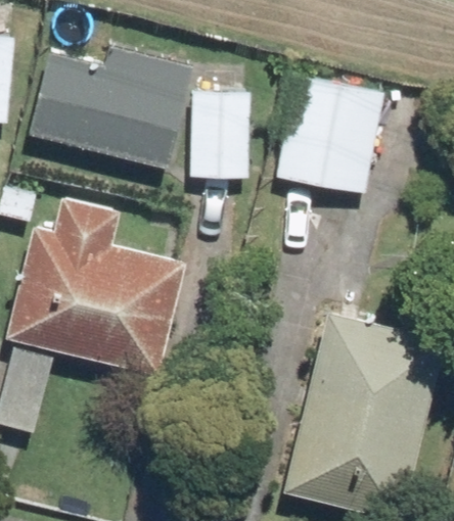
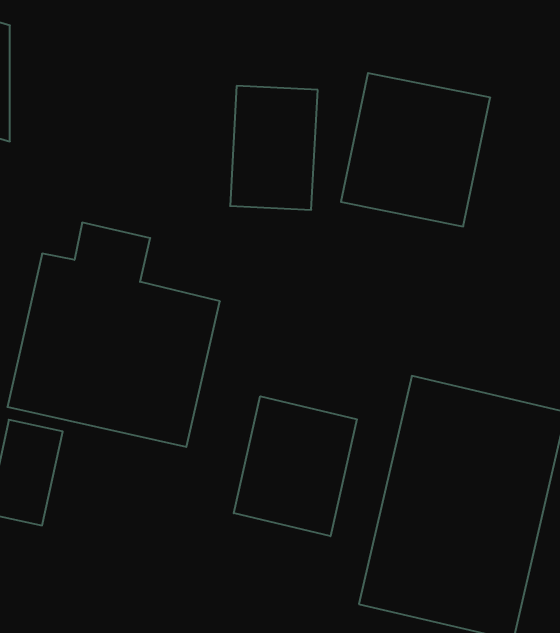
building: [31,49,186,164] -> none
building: none -> [234,396,357,536]

